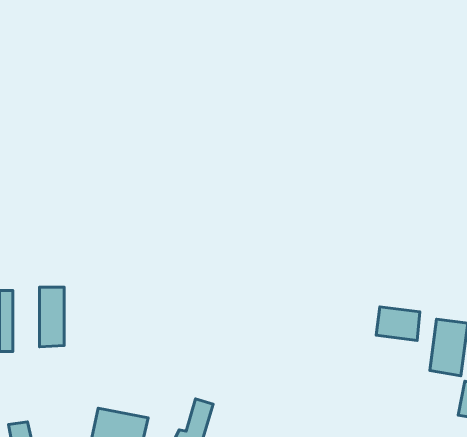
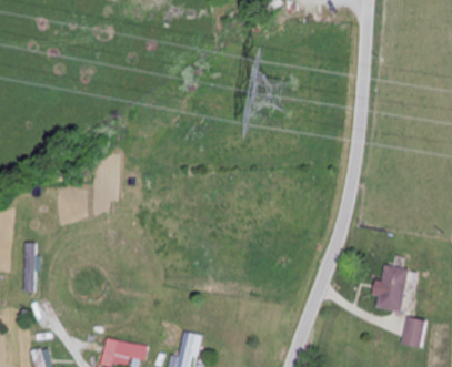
building: [40,287,64,347] -> none
building: [376,307,420,341] -> none

